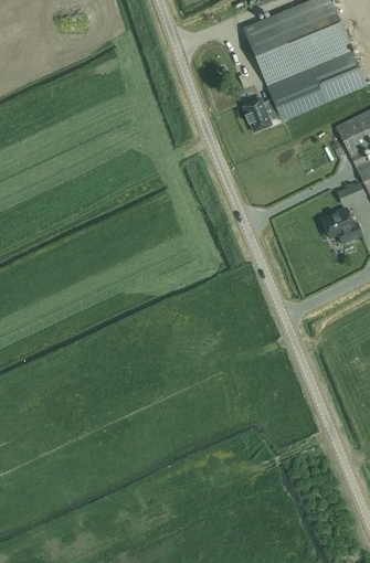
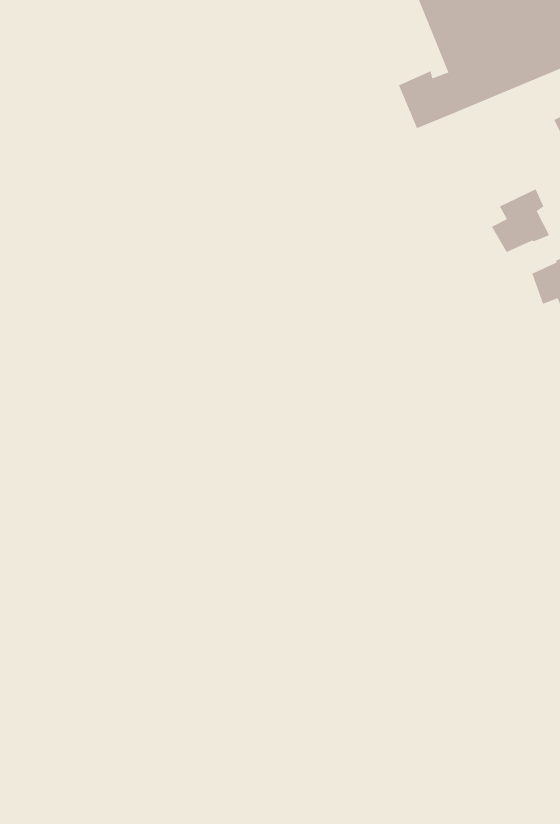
building: none -> [491,189,550,253]

